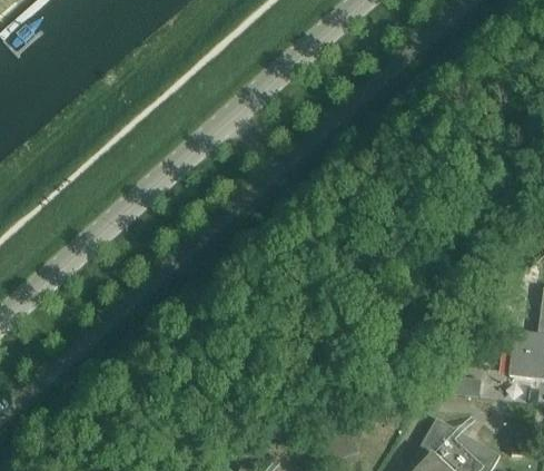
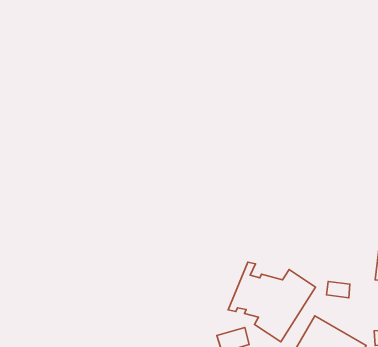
building: none -> [228,262,315,342]

